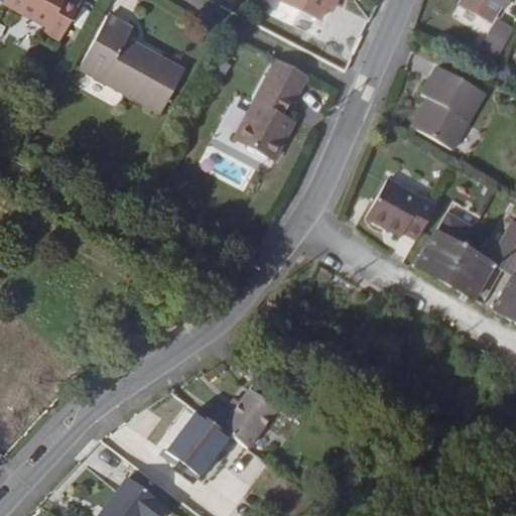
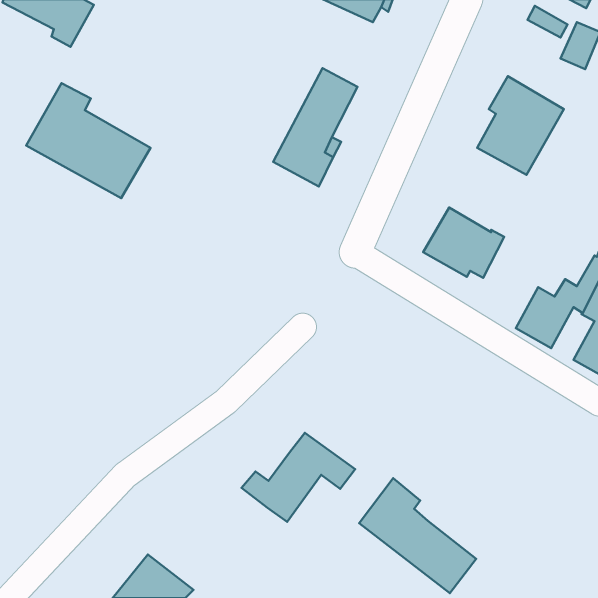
building: [79,15,185,114] -> [26,83,150,198]
building: [415,211,475,282] -> none
building: [166,409,231,476] -> none
building: none -> [359,478,476,593]

